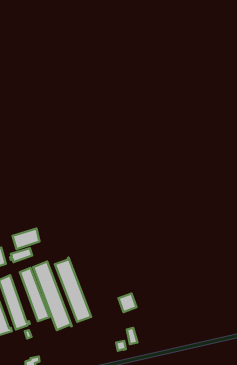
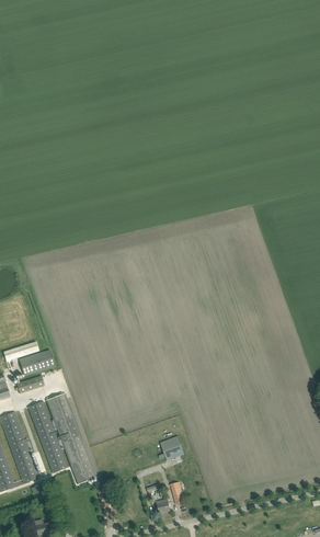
building: [55,257,91,322] -> none

